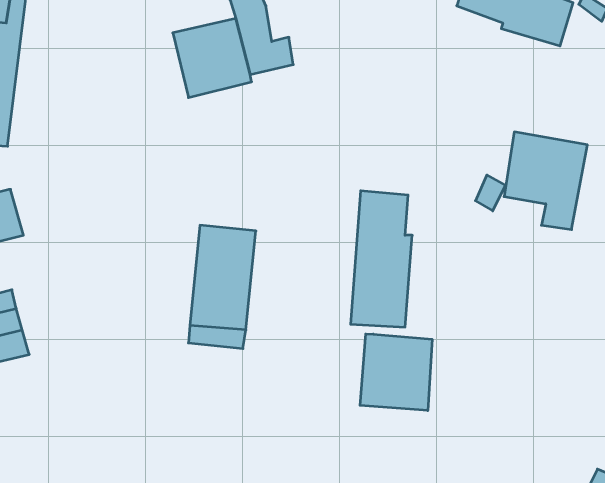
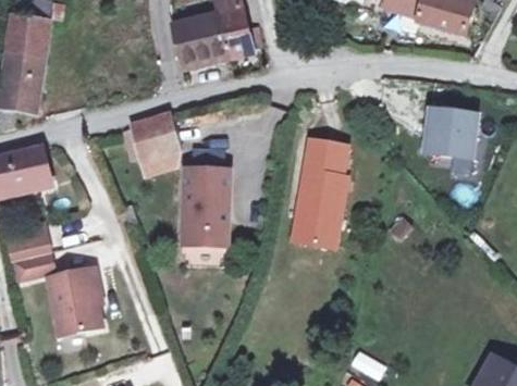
building: none -> [125,116,177,163]
building: [360,334,432,411] -> none
building: none -> [51,265,106,334]

